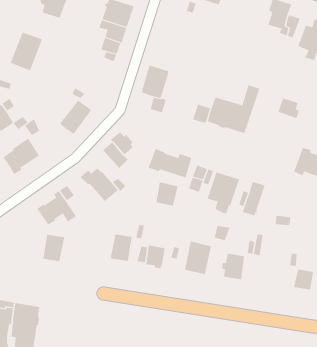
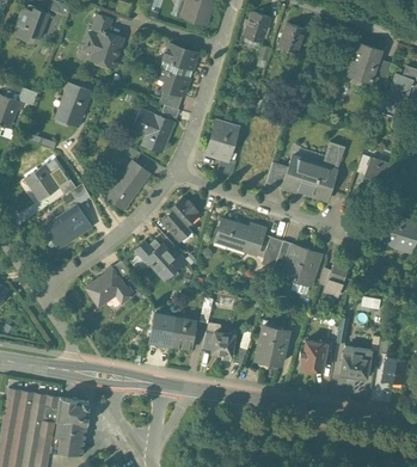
building: none -> [131,109,173,154]
building: [156,181,178,207] -> none
building: [42,234,65,262] -> [149,313,176,345]
building: none -> [339,345,368,379]

